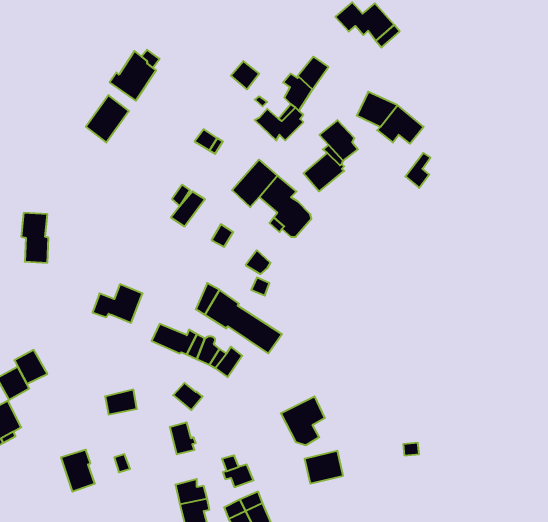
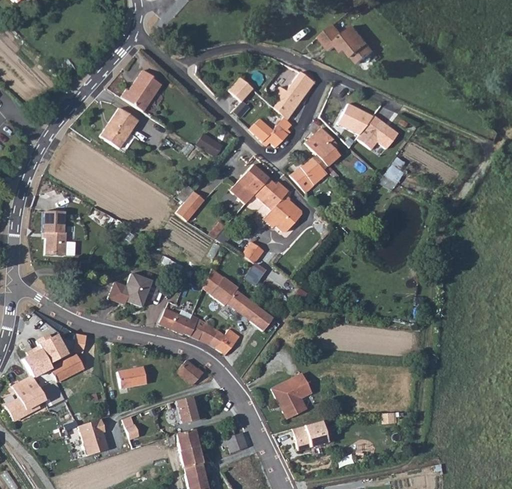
building: none -> [50,354,84,382]
building: none -> [169,430,199,450]

